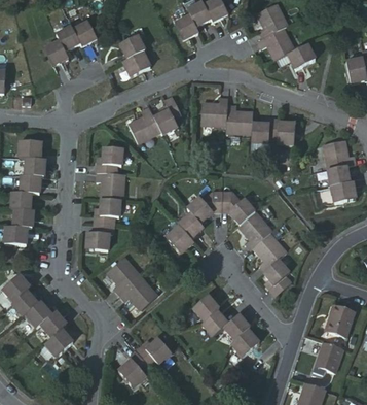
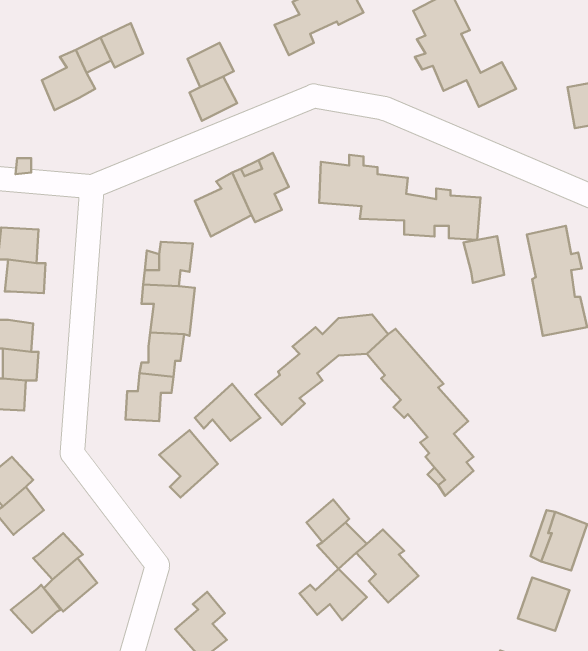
building: none -> [464,236,504,283]
building: [21,176,45,195] -> none
building: [120,276,158,309] -> [195,384,261,441]
building: [26,301,54,329] -> [11,585,61,633]
building: [136,336,175,366] -> [299,569,367,620]

